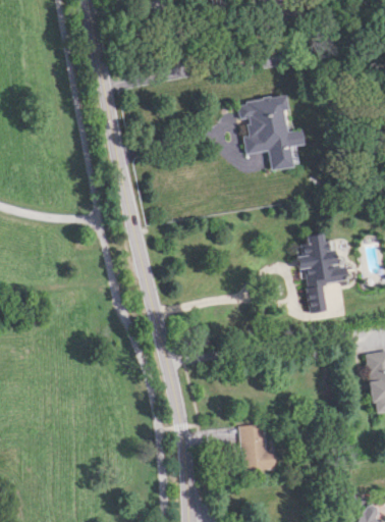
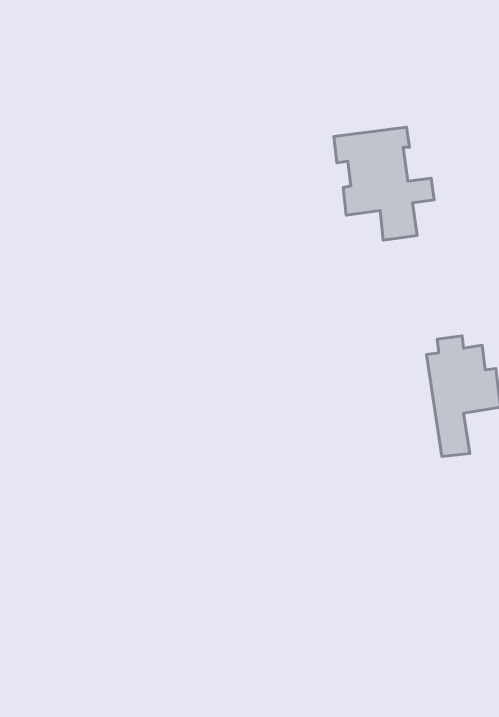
building: [240,424,276,471] -> none

